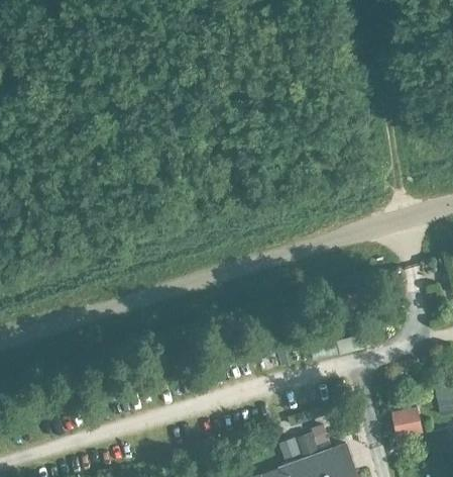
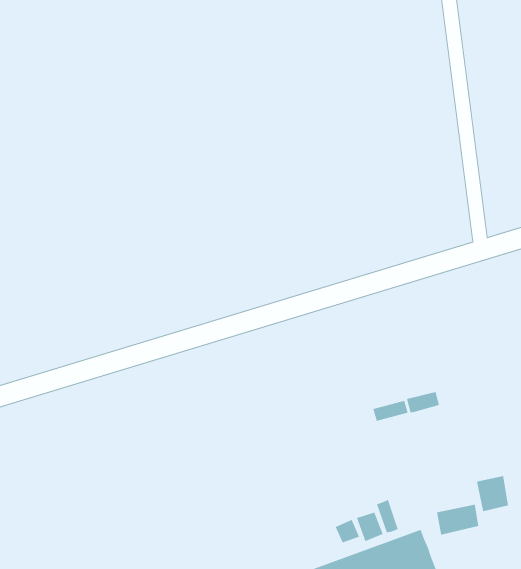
building: none -> [437,504,479,535]

